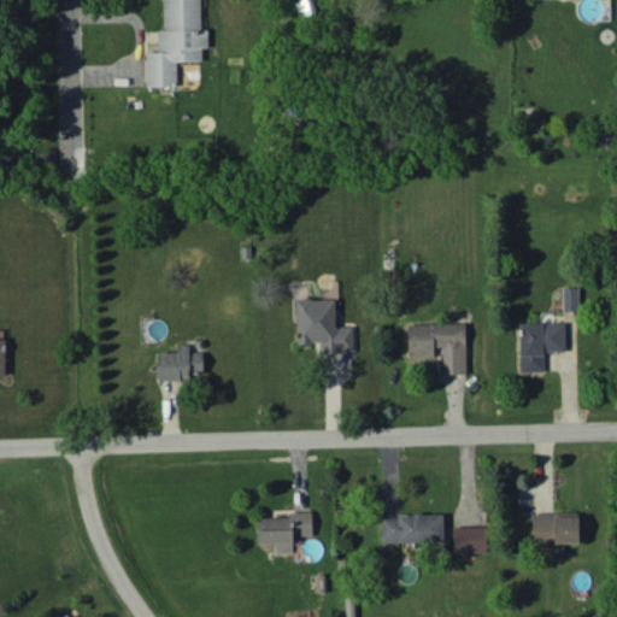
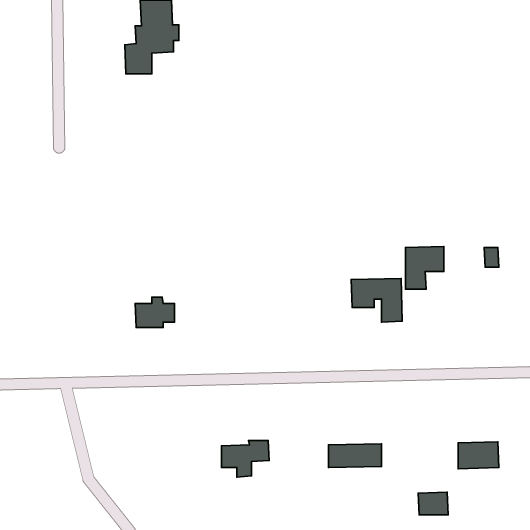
building: [296,300,354,353] -> none
building: [521,323,565,372] -> [405,246,444,289]
building: [453,527,488,553] -> [418,492,448,515]

